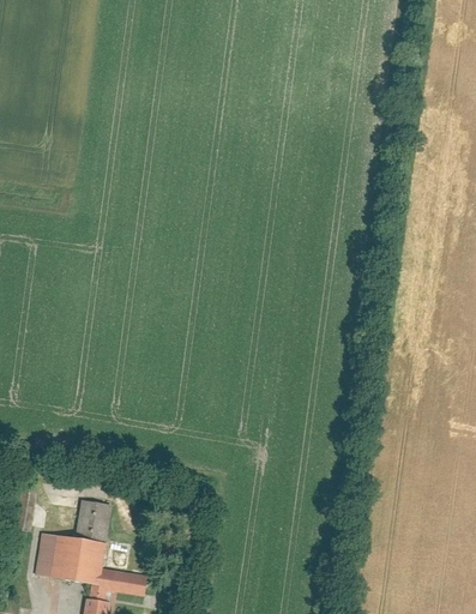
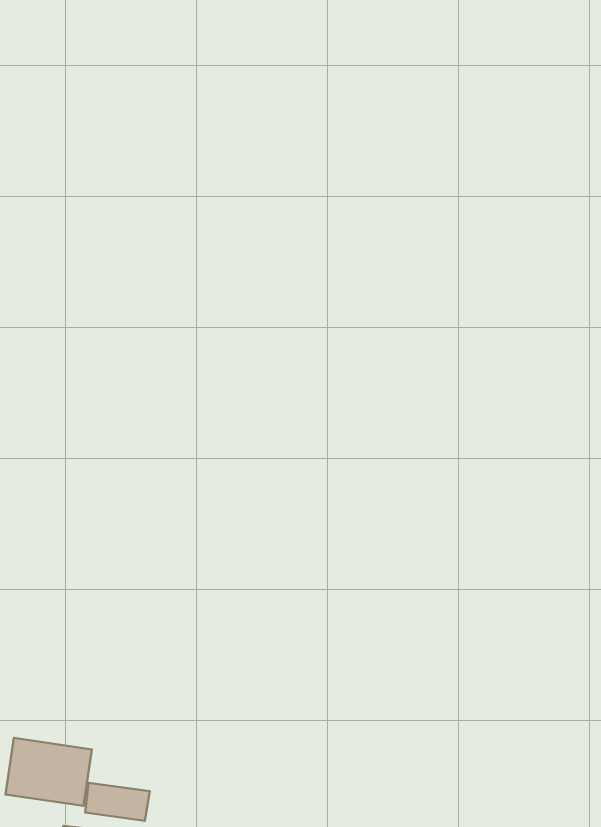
building: [76,499,110,542] -> none

